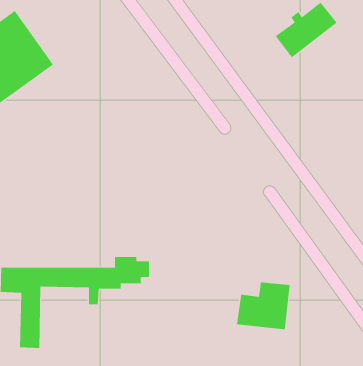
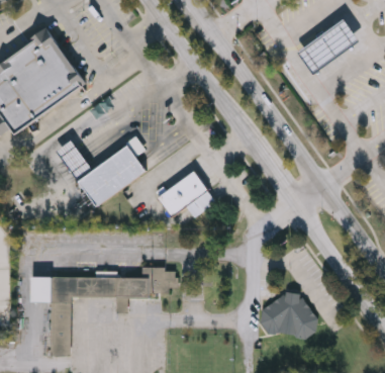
building: none -> [57,138,146,205]
building: none -> [158,170,215,217]

